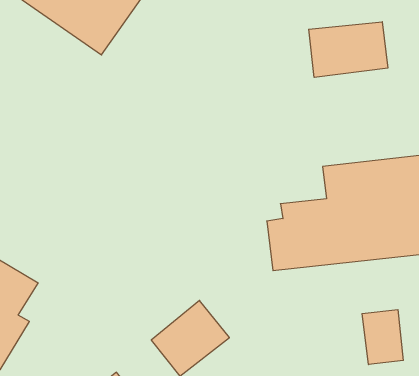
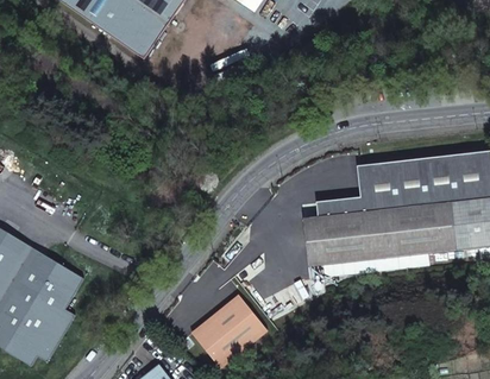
building: [309,22,388,77] -> none
building: [362,310,403,365] -> none

